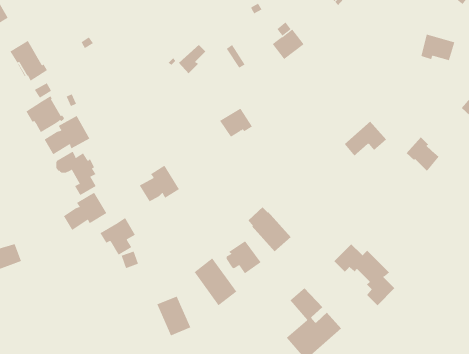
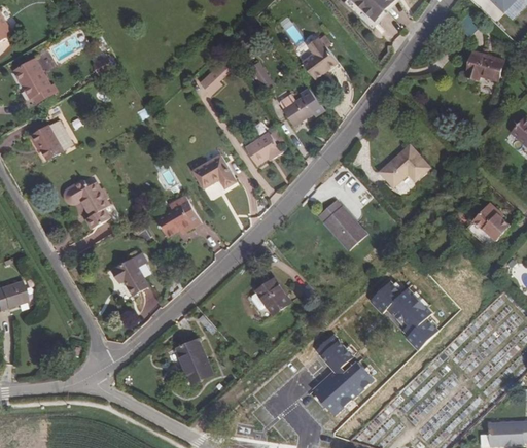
building: none -> [280,91,323,126]
building: [44,115,90,155] -> none
building: none -> [192,154,236,188]
building: [406,136,439,172] -> [472,202,510,241]
building: [63,192,107,231] -> none
building: [247,206,291,252] -> [318,200,366,250]
building: [194,258,237,306] -> none

